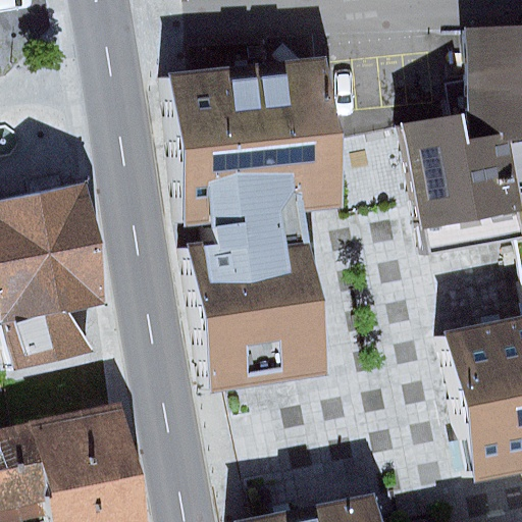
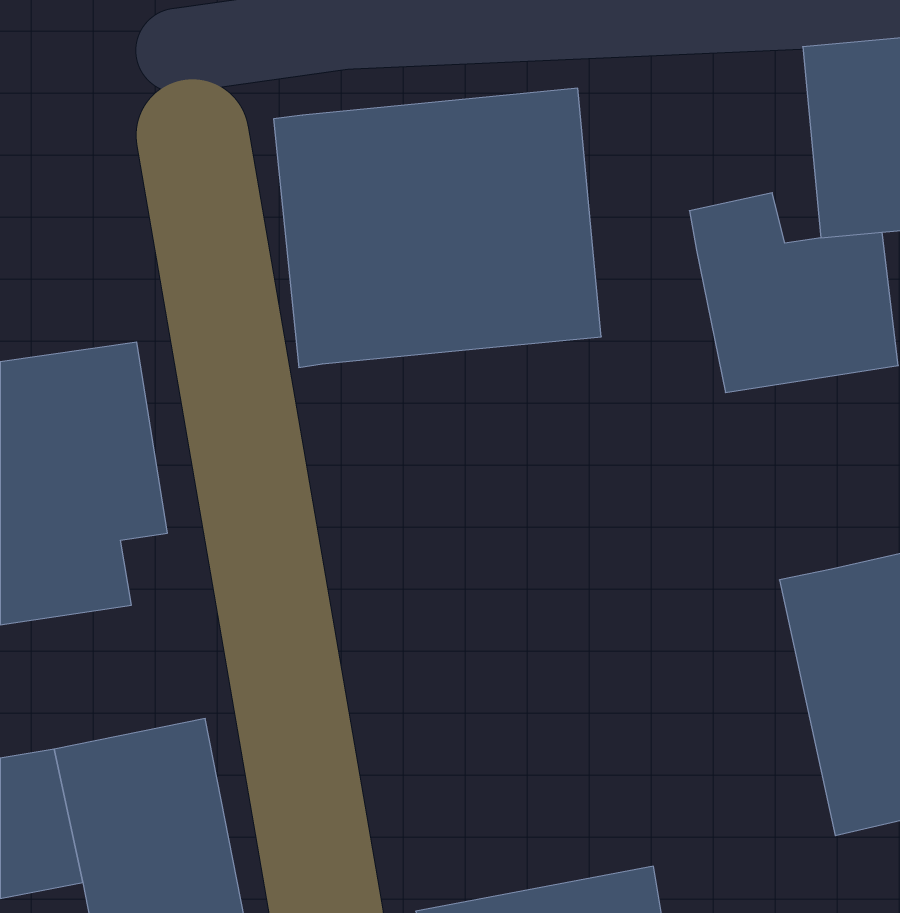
building: [180,201,321,390] -> none

